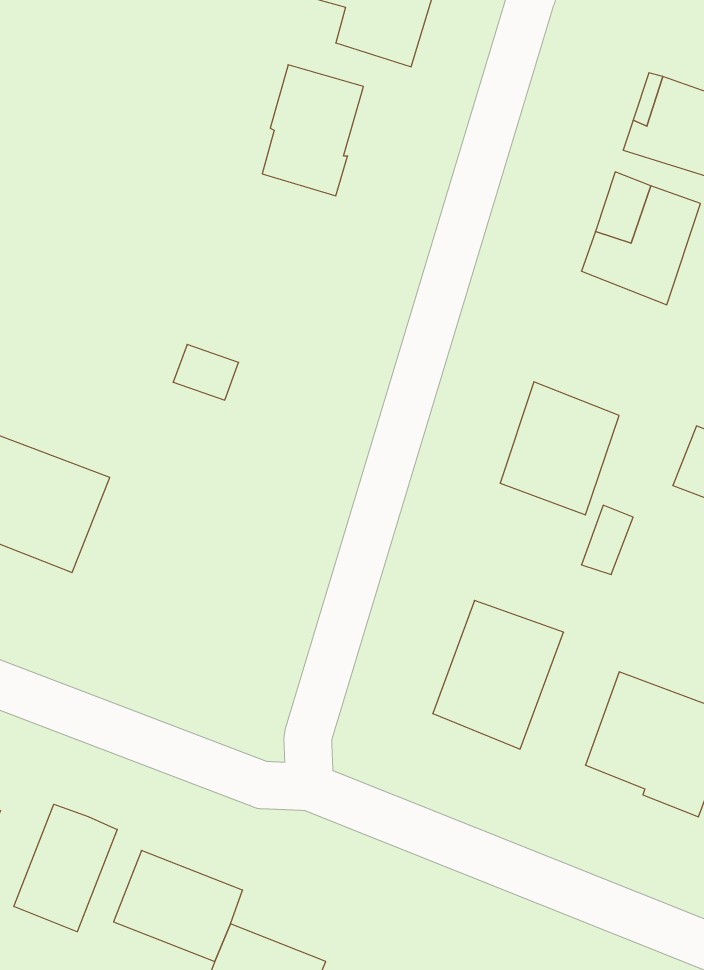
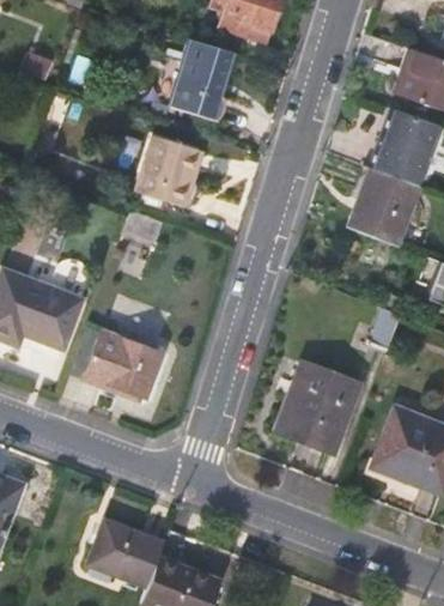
building: none -> [139,137,205,207]
building: [500,382,619,515] -> [348,166,420,247]
building: none -> [84,333,162,396]
building: [14,804,117,932] -> none

